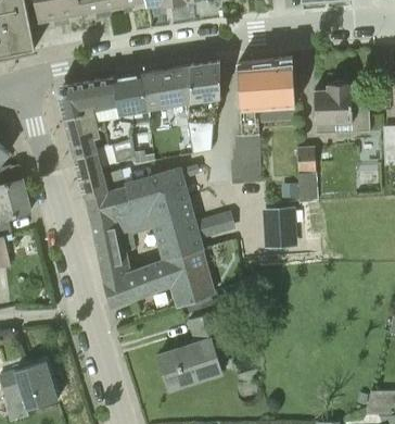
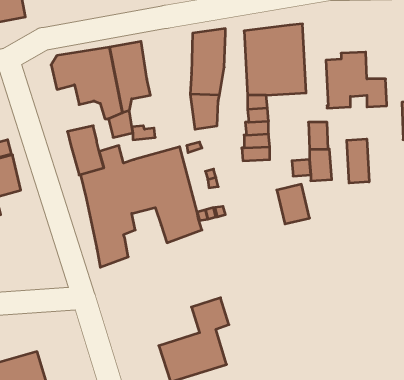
building: [142,65,190,108] -> none
building: [64,113,100,157] -> none
building: none -> [347,139,369,183]
building: [103,248,211,307] -> none

